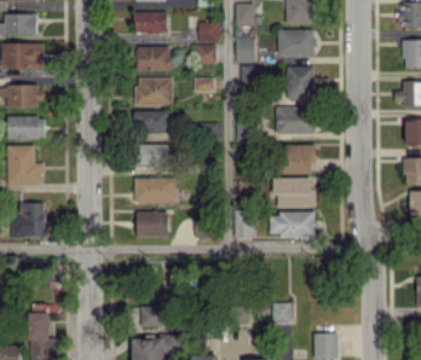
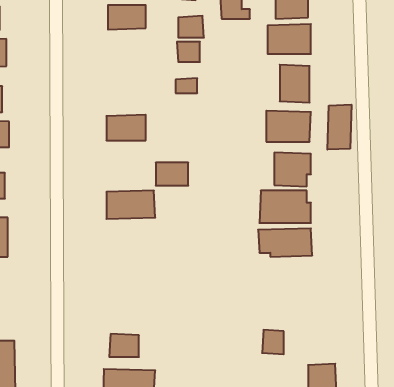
building: [235,34,254,62] -> none
building: [137,46,172,71] -> none
building: [137,77,173,105] -> none
building: none -> [327,105,351,150]
building: [139,144,168,164] -> [156,163,188,186]
building: [134,211,169,237] -> none

